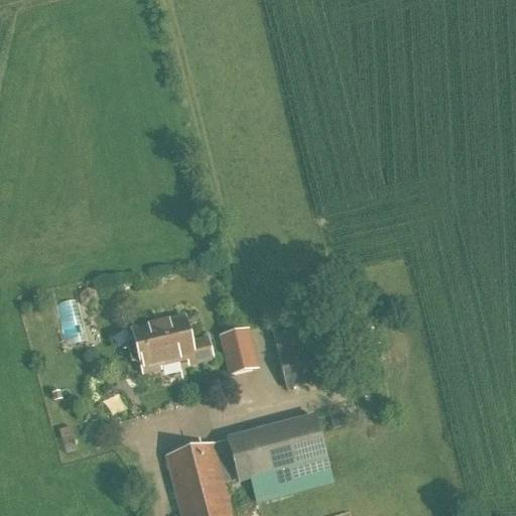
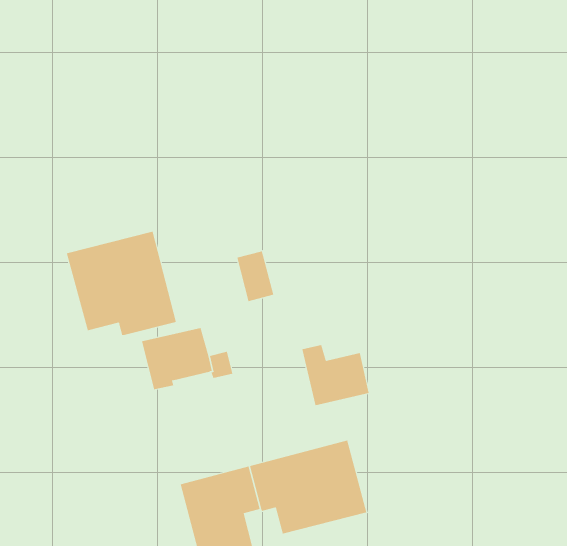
building: none -> [66,231,176,336]
building: [223,328,256,373] -> [236,251,274,302]

